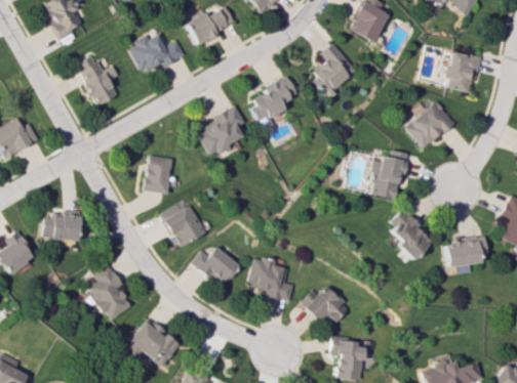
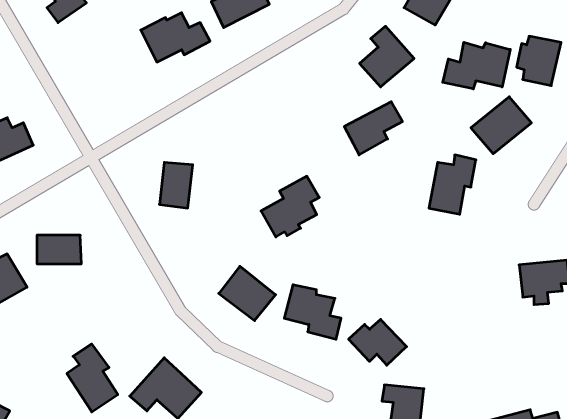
building: [78,55,119,105] -> none
building: none -> [443,42,510,89]
building: [250,78,299,122] -> [344,102,402,155]
building: [198,104,246,155] -> [261,176,319,237]
building: [166,207,204,246] -> none
building: [387,210,432,260] -> none
building: [88,264,130,321] -> [67,344,118,412]

